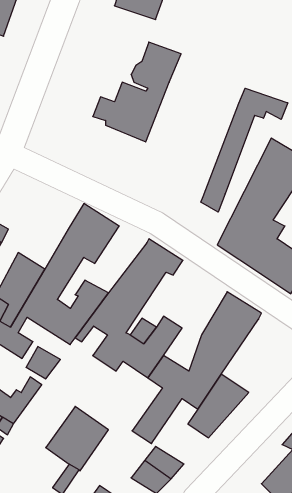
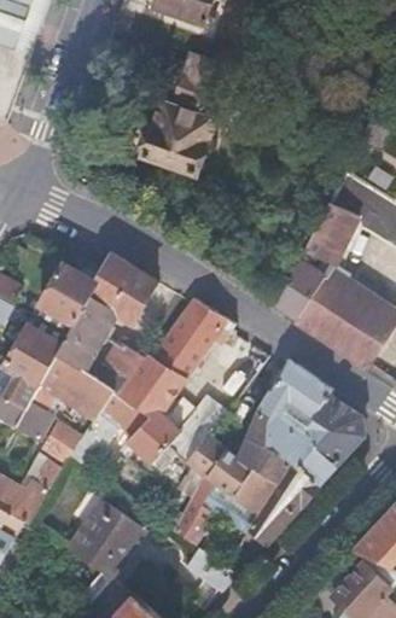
building: [201,88,288,212] -> none
building: none -> [33,266,94,333]
building: none -> [283,395,365,485]

